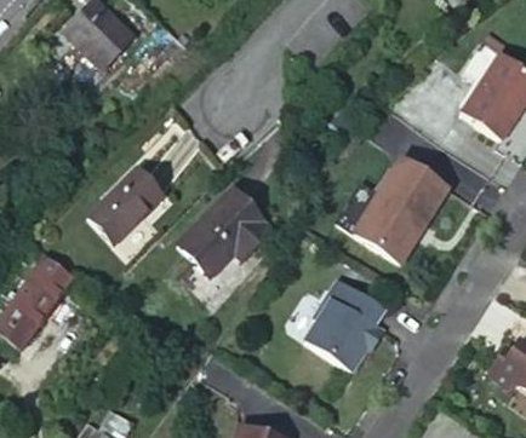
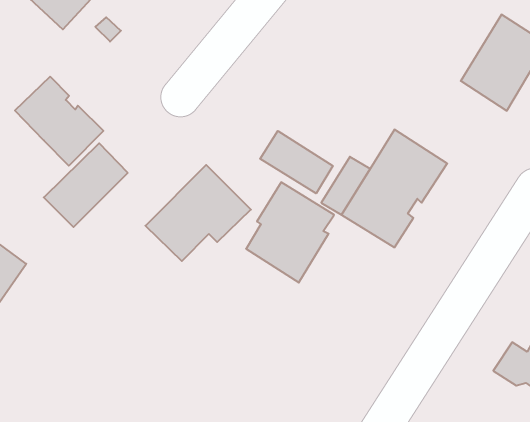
building: none -> [15,77,103,166]
building: none -> [260,131,333,193]
building: [305,281,384,370] -> [246,182,334,283]

